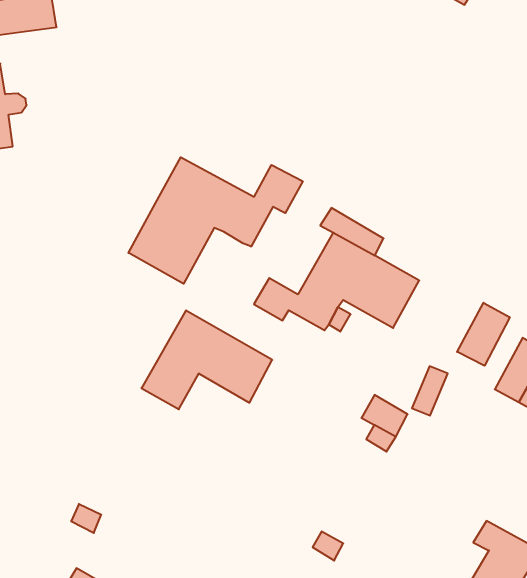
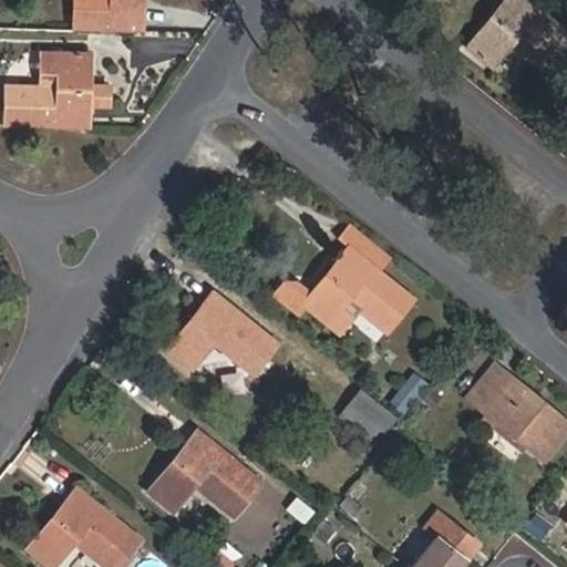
building: [128,157,303,284] -> none
building: [457,303,510,366] -> none
building: none -> [147,432,262,518]

